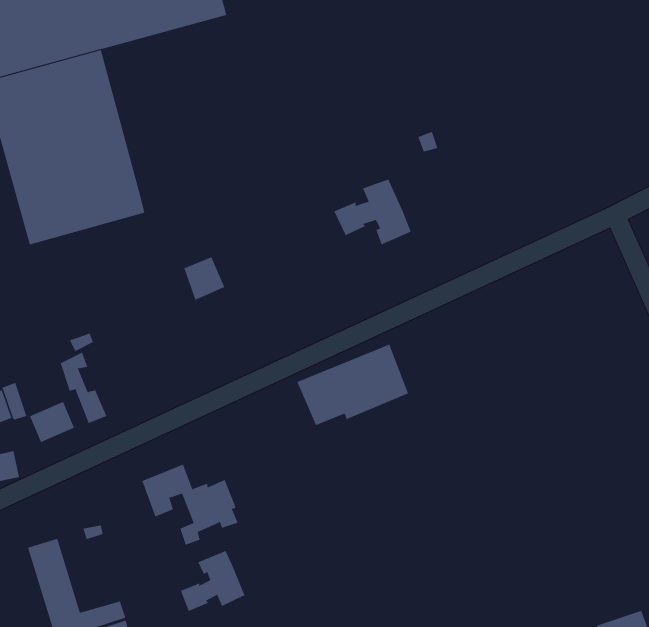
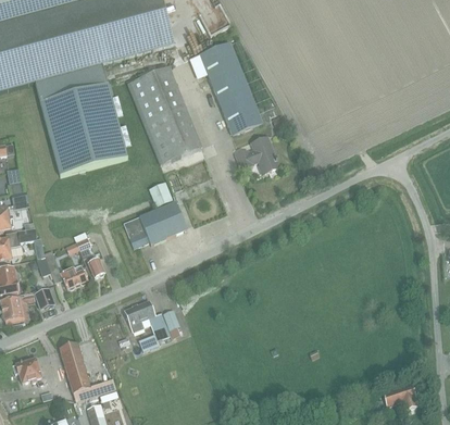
building: none -> [198,42,261,136]
building: none -> [137,67,200,160]
building: [297,344,409,426] -> [122,200,186,247]
building: [180,550,245,612] -> none

